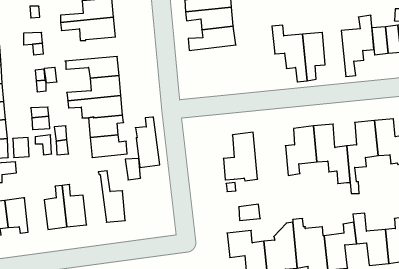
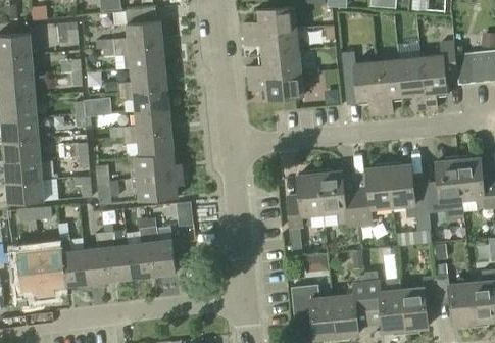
building: none -> [399,57,426,110]
building: none -> [103,64,166,94]
building: none -> [248,74,303,99]
building: [135,117,160,167] -> [127,220,154,278]
building: none -> [320,170,361,229]
building: none -> [58,237,88,286]

